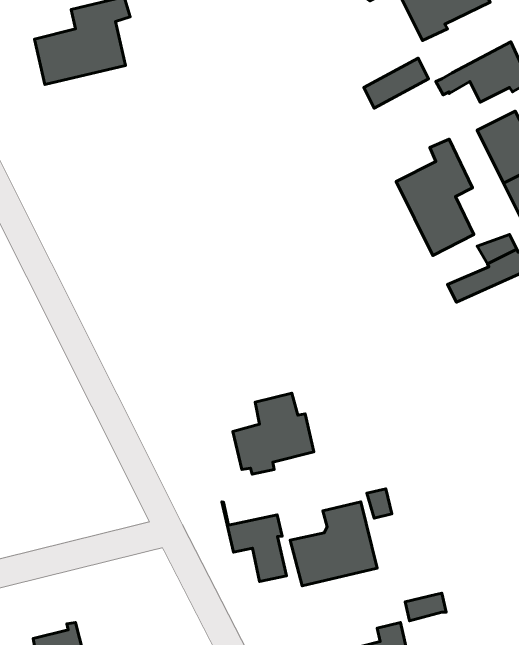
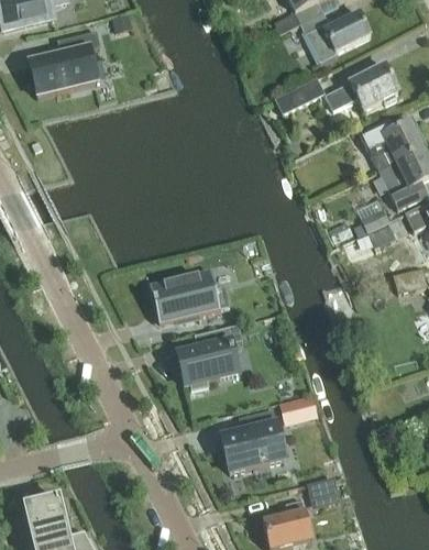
building: [396,139,474,255] -> none
building: none -> [149,268,228,324]
building: [222,502,286,581] -> none

